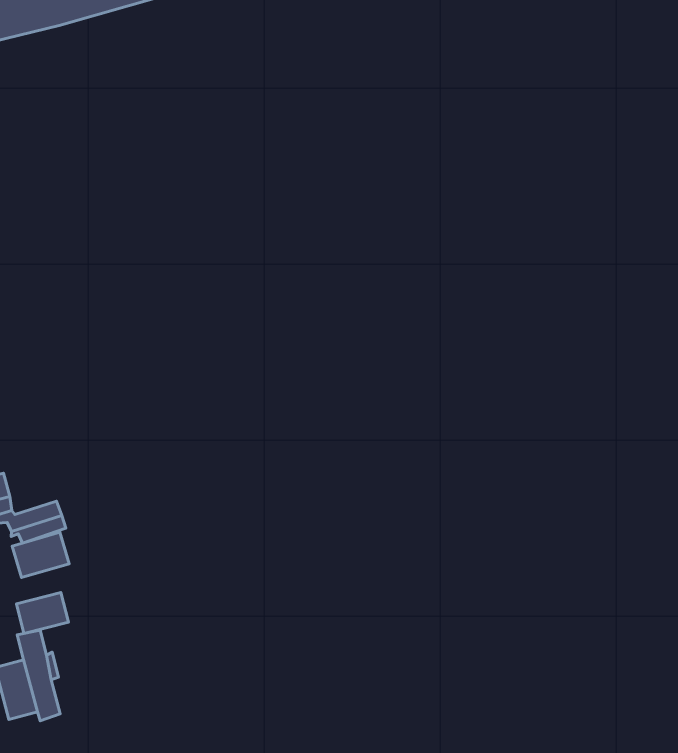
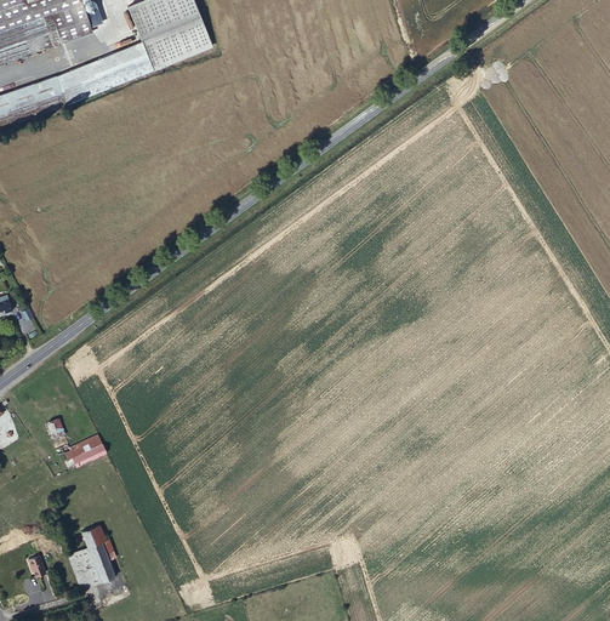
building: [12,532,69,578] -> none
building: [16,593,68,633] -> none

